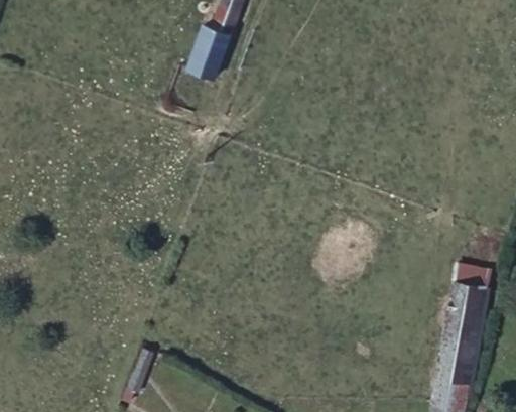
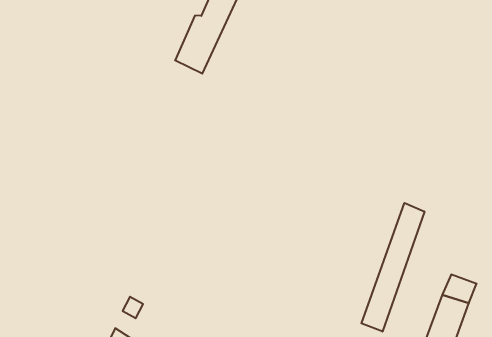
building: none -> [361,203,424,332]

